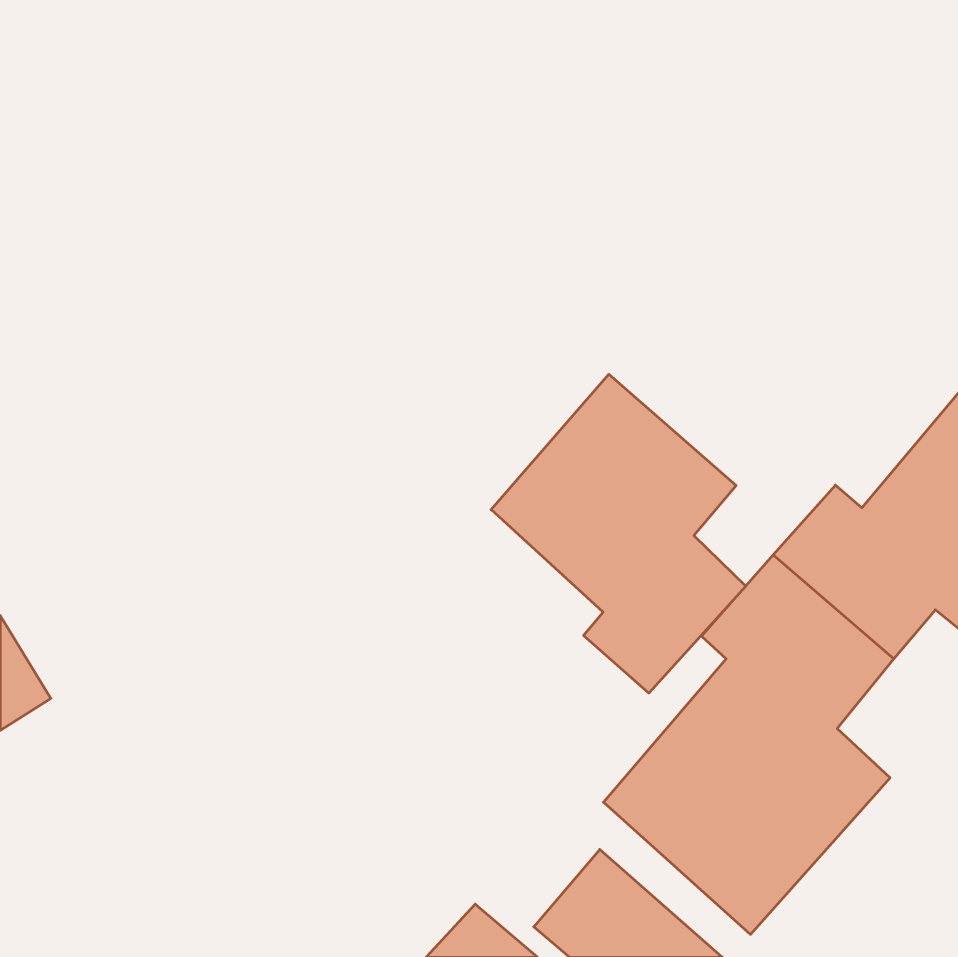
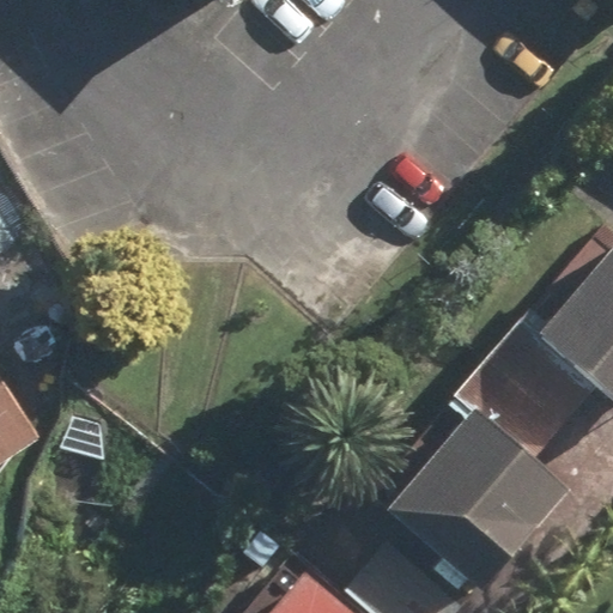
building: [491,374,746,693] -> none

